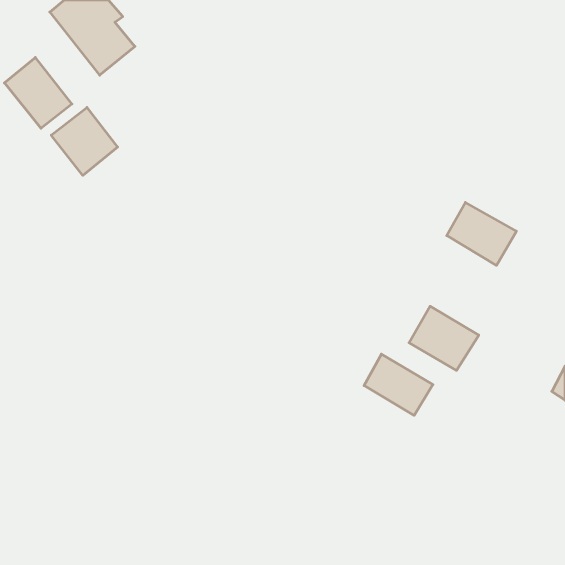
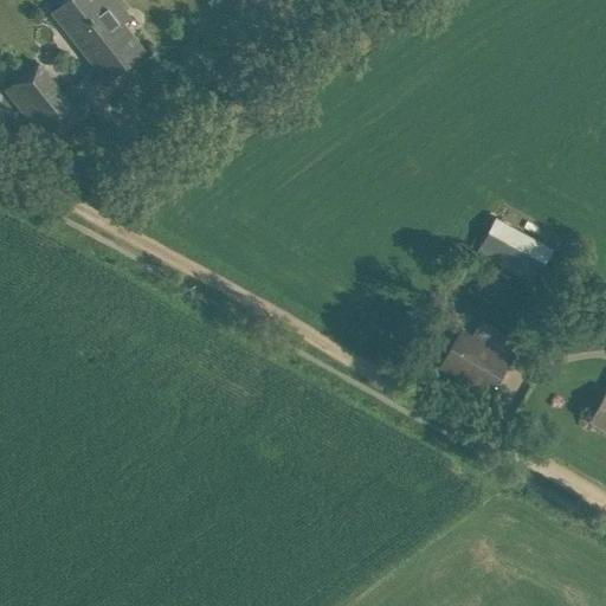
building: [51,107,118,175] -> none
building: [364,354,433,415] -> none

